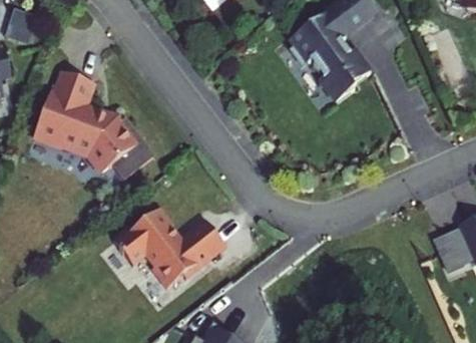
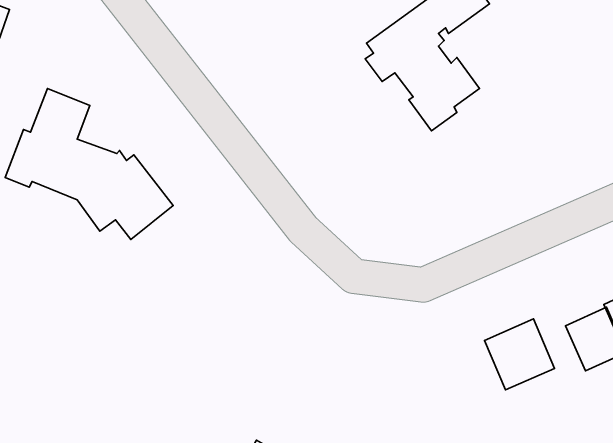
building: [114,208,225,287] -> none
building: none -> [484,319,555,390]

